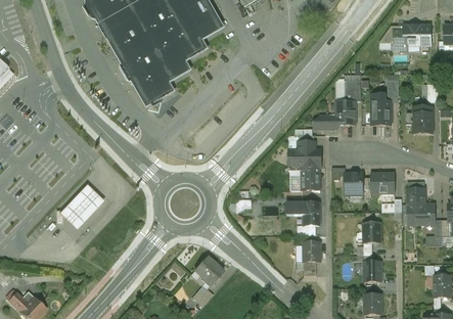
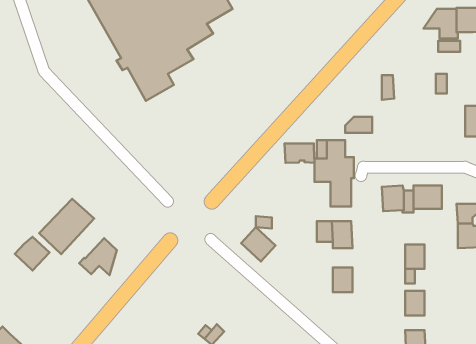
building: [336,100,355,125] -> none
building: [371,100,391,124] -> none
building: none -> [285,144,315,163]
building: none -> [15,237,49,271]
building: none -> [79,238,117,275]
building: [194,257,223,285] -> [241,227,275,261]

